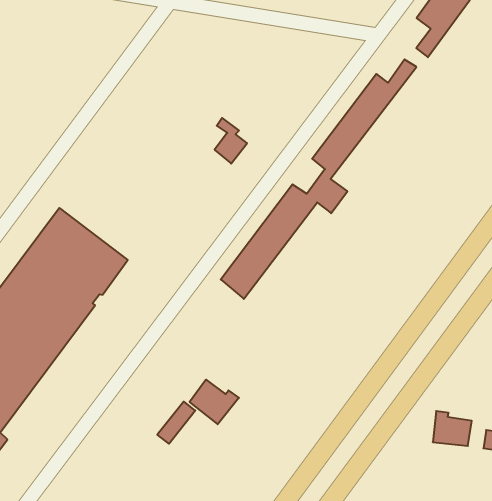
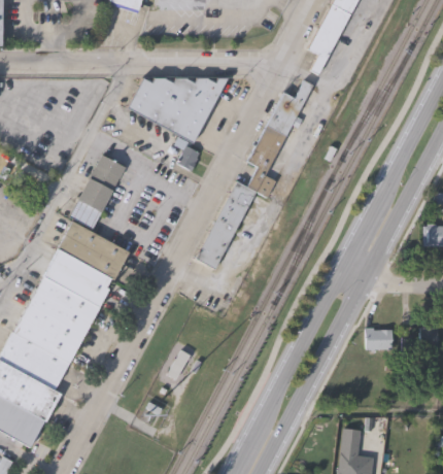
building: none -> [127,77,227,142]
building: none -> [70,155,125,228]
building: [190,380,239,424] -> none

